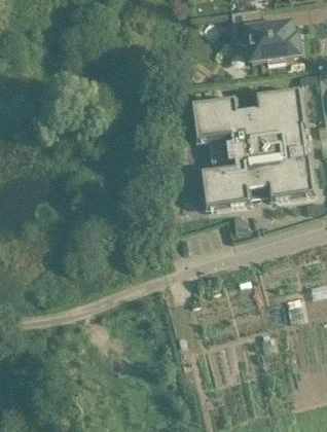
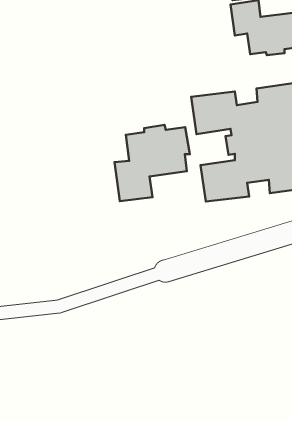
building: none -> [115,125,190,201]

